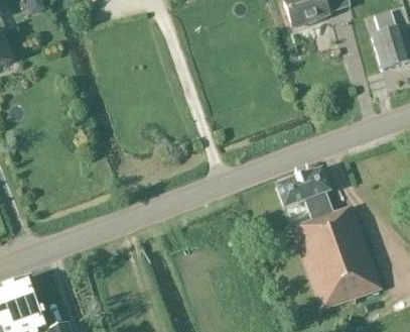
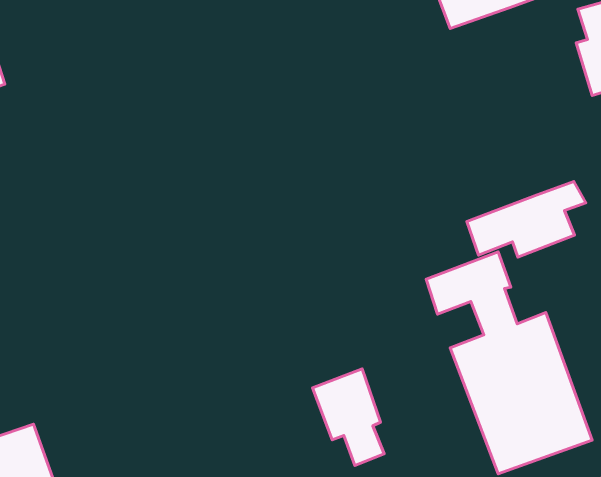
building: none -> [467,181,586,257]
building: none -> [313,369,384,466]

